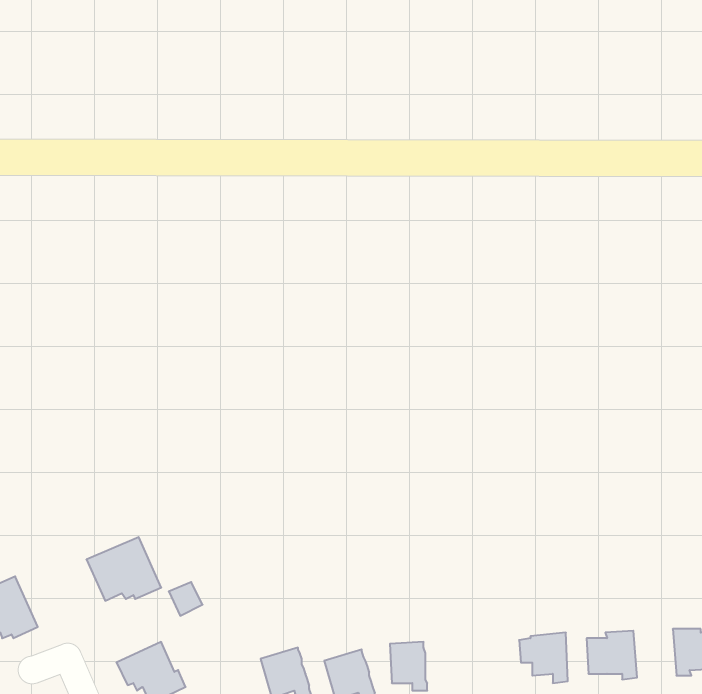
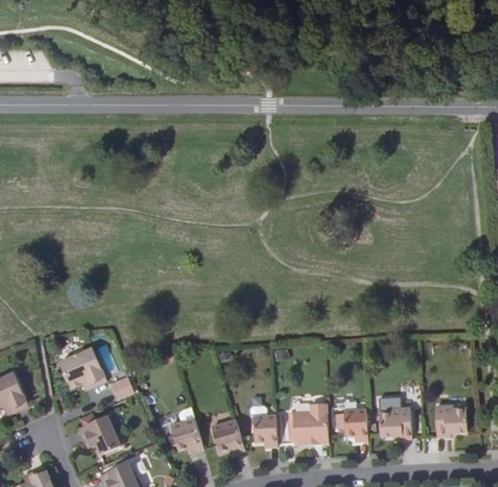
building: none -> [293,403,328,443]

